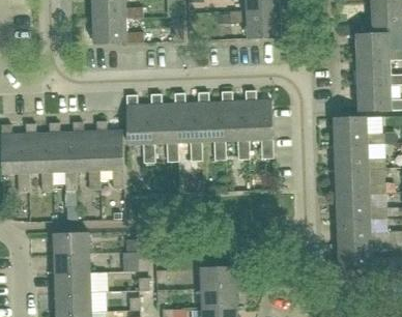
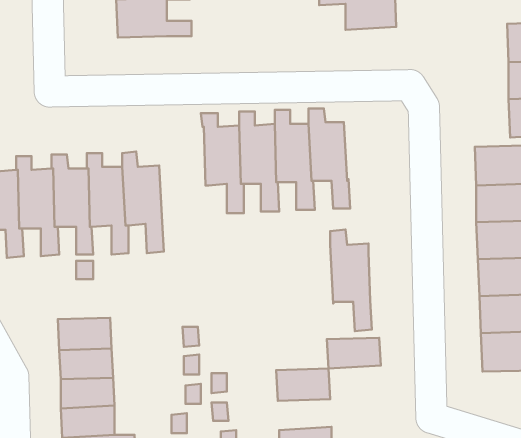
building: [246,90,274,159] -> [330,230,372,331]
building: [126,94,155,163] -> none
building: [201,287,237,308] -> [327,338,381,368]

